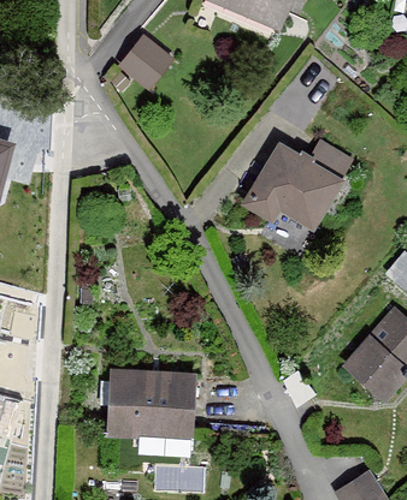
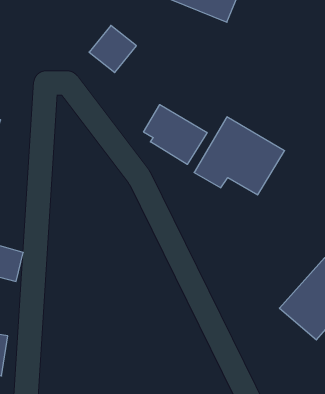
building: none -> [144,105,207,164]
building: [107,370,194,436] -> none

